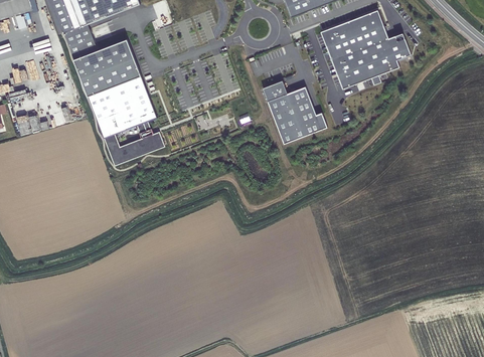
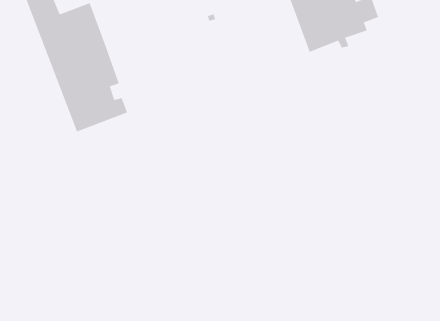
building: [264,83,328,144] -> none

